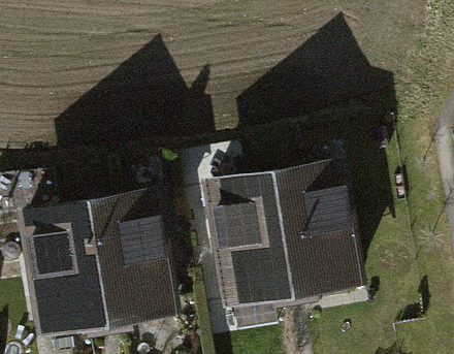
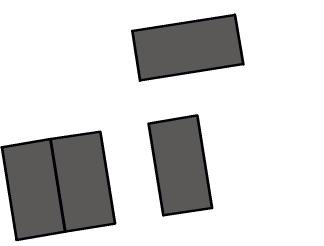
building: none -> [132,15,243,81]
building: [274,167,356,294] -> none

